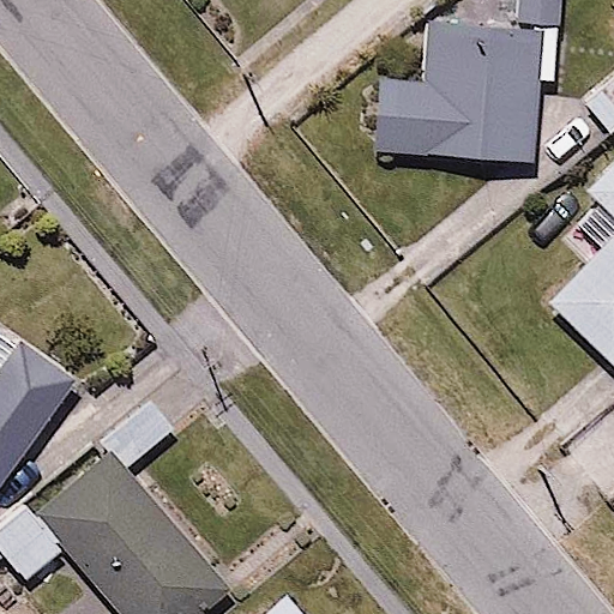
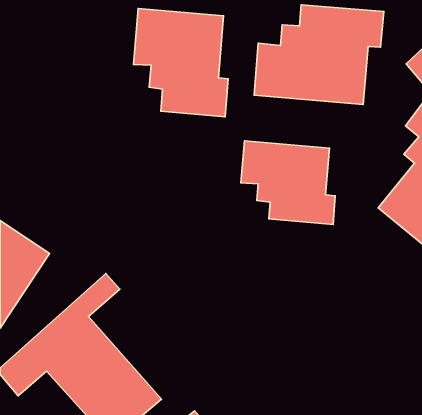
building: none -> [133,9,228,117]
building: none -> [241,141,335,224]

